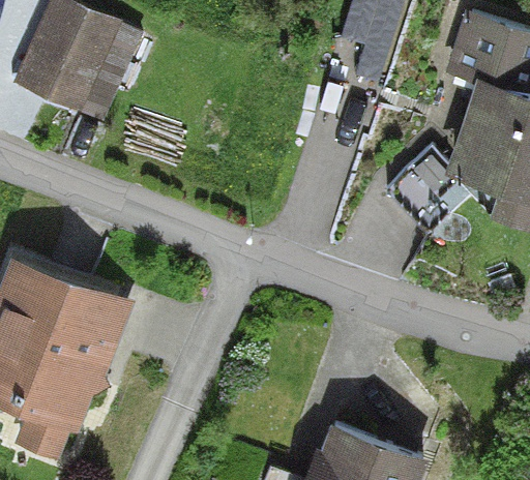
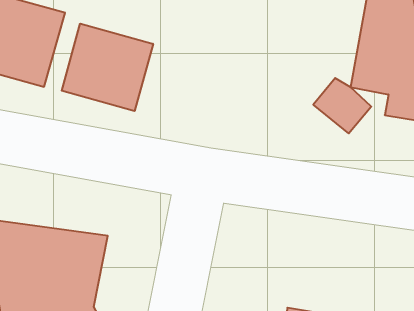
building: none -> [62,24,153,111]

